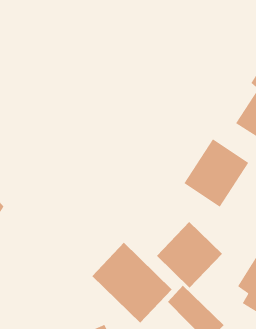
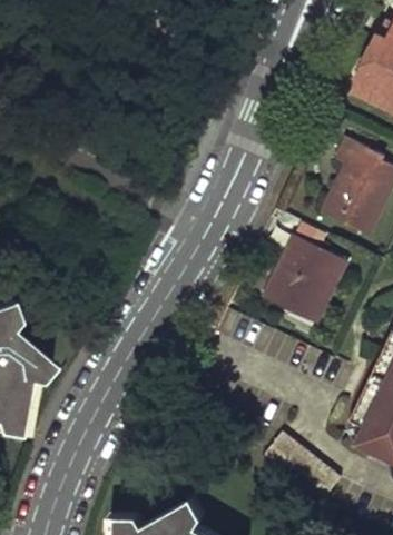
building: [156,221,223,288] -> none
building: [91,242,173,324] -> none

